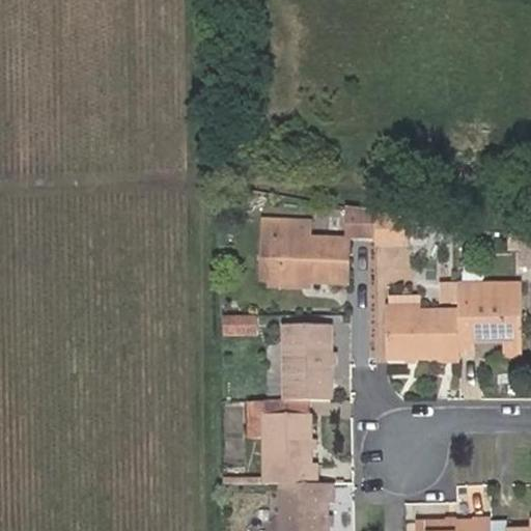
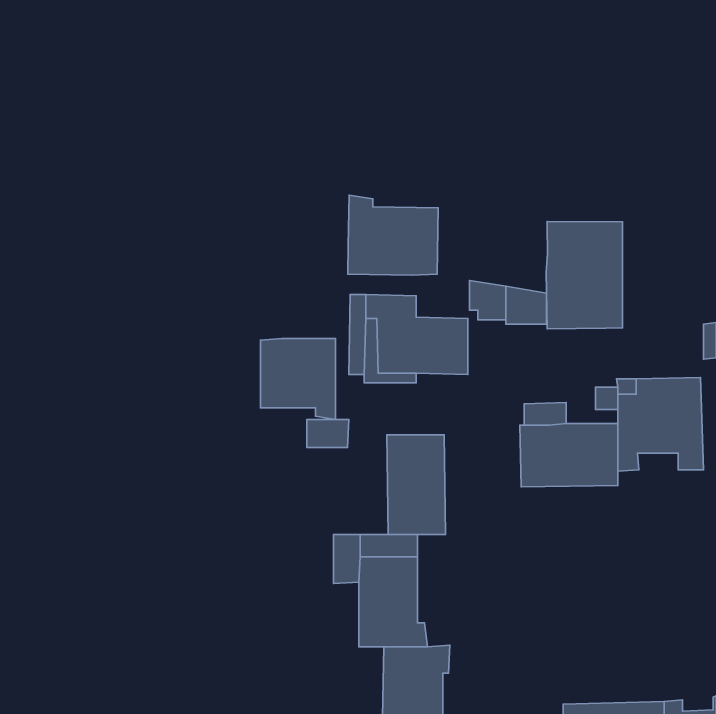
building: none -> [348,195,438,275]
building: none -> [546,221,623,329]
building: none -> [261,338,335,419]

